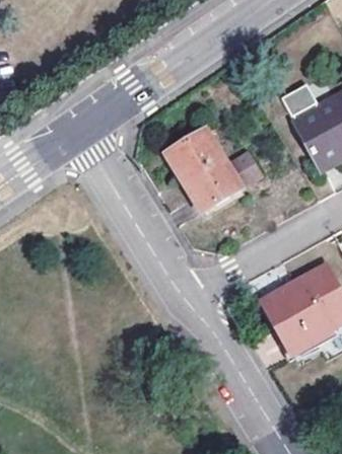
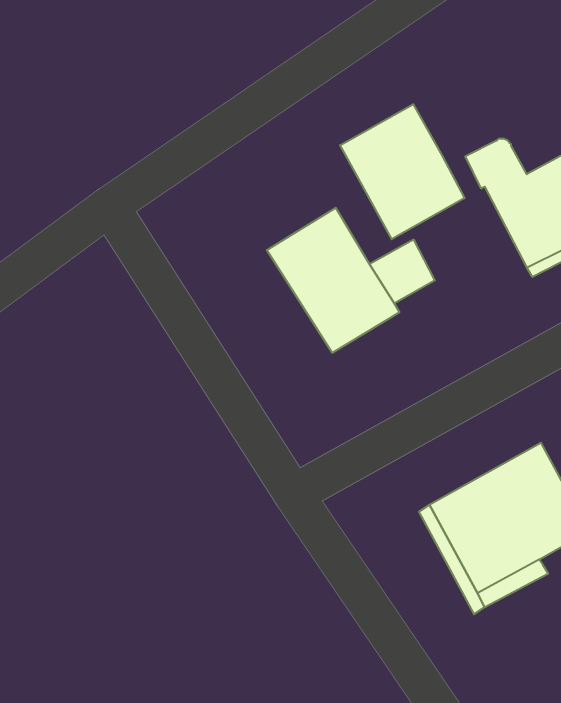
building: none -> [340,104,465,239]

